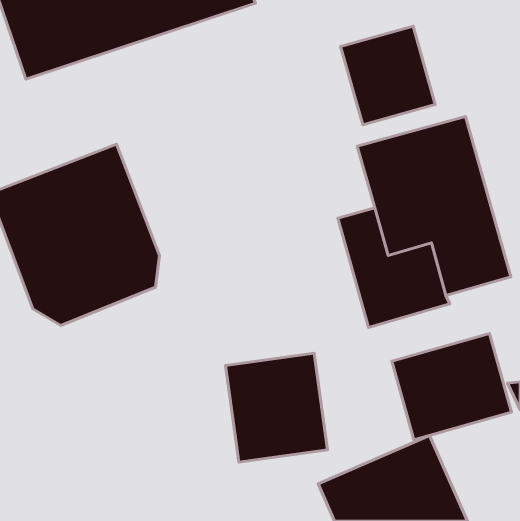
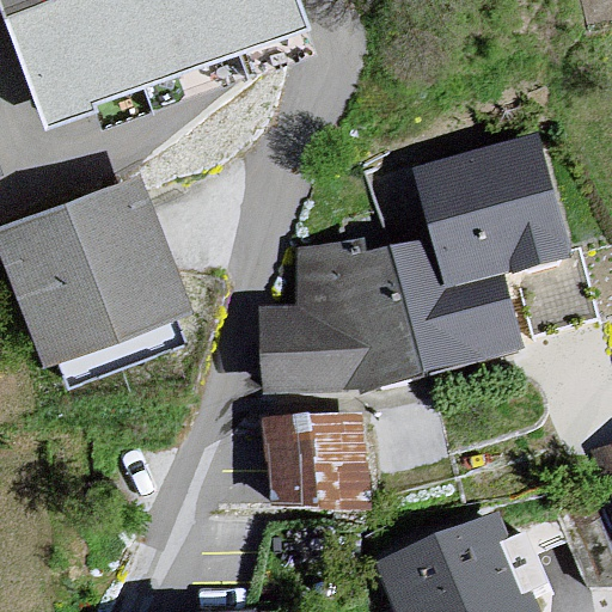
building: [341,26,435,125] -> none
building: none -> [245,239,428,405]
building: [392,334,512,440] -> none

